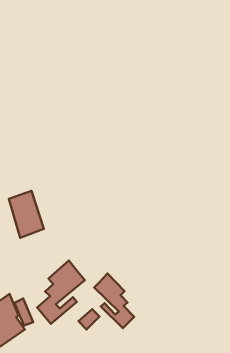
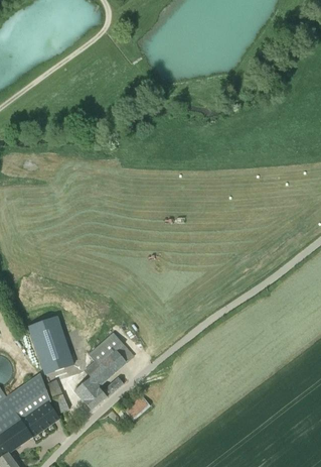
building: [9,191,44,238] -> [31,318,74,376]
building: [94,274,134,328] -> none

